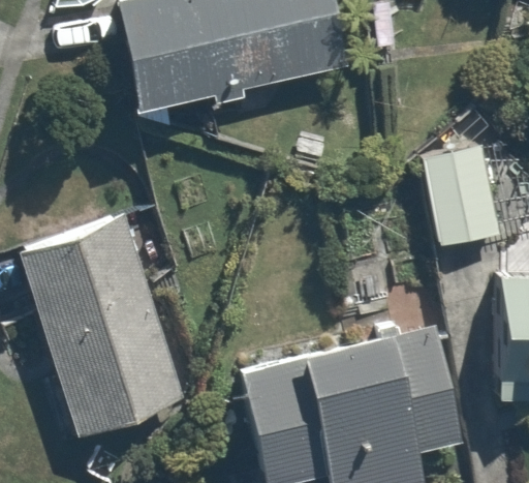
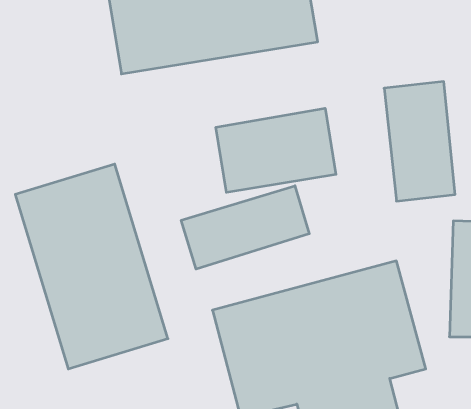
building: none -> [216,108,336,192]
building: none -> [181,186,309,269]

